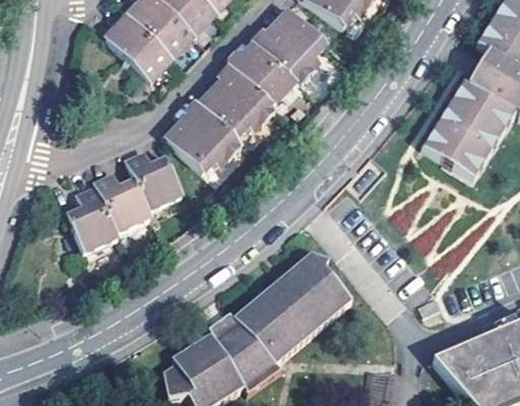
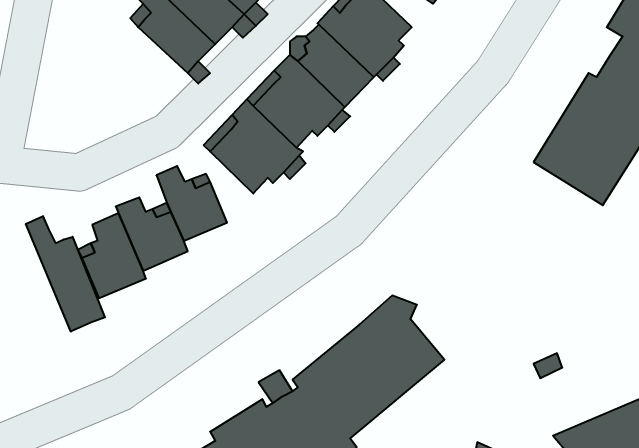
building: none -> [26,216,105,332]

